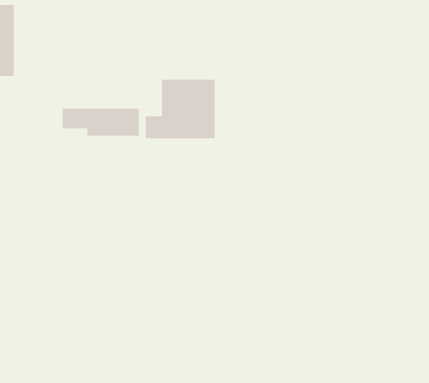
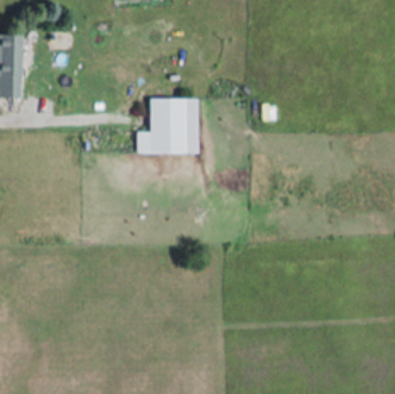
building: [62,108,139,137] -> none

